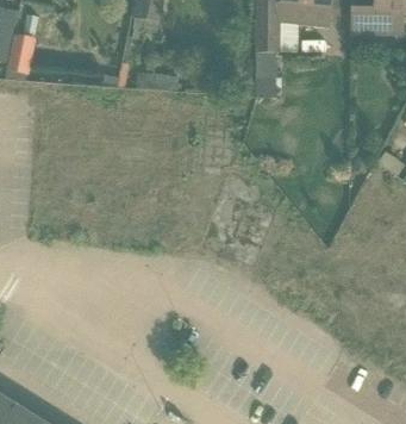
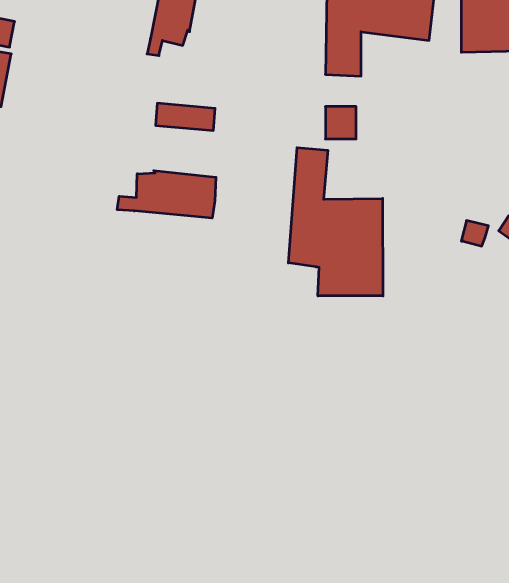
building: none -> [288,148,383,296]
building: none -> [117,171,216,218]

